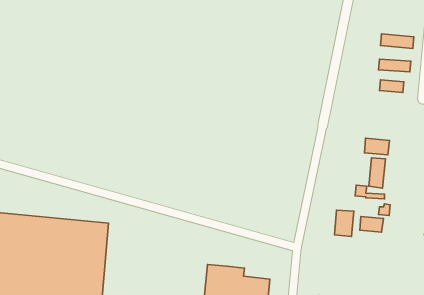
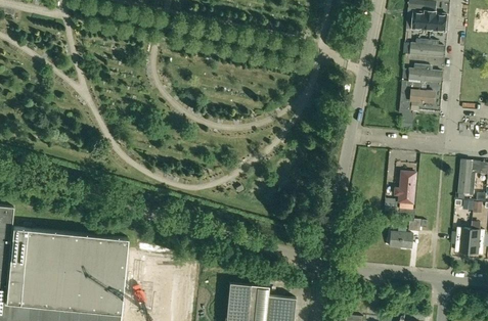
building: none -> [410,11,446,32]
building: [365,138,389,155] -> none
building: [335,210,354,237] -> none

